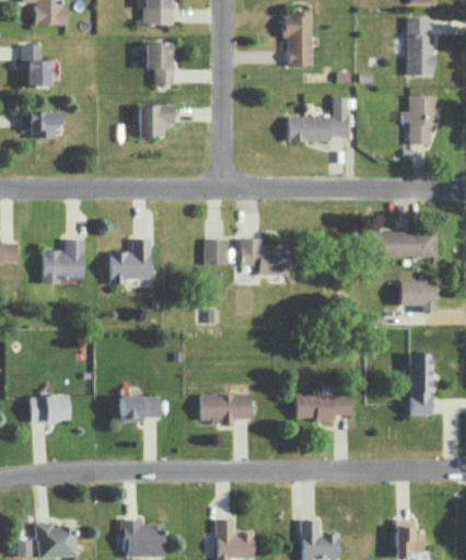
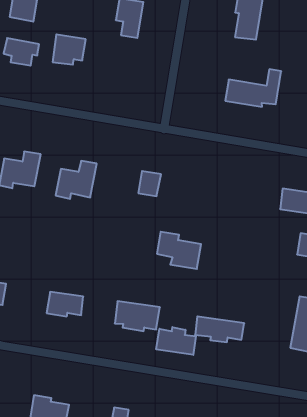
building: [138,105,173,138] -> [53,34,86,65]
building: [241,240,290,276] -> [157,232,201,269]
building: none -> [156,327,196,355]

